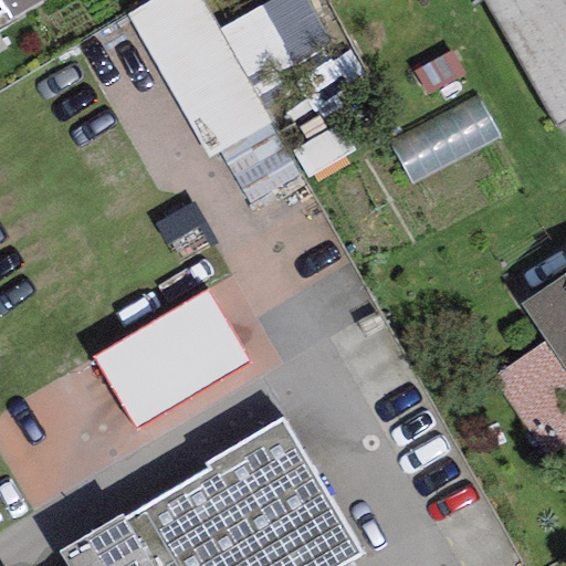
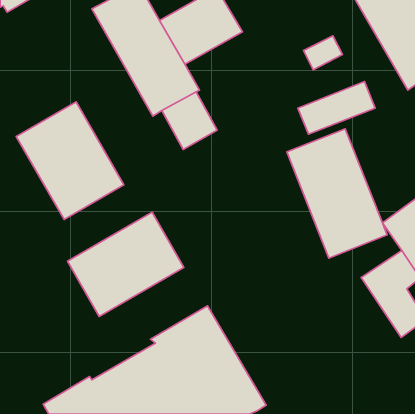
building: none -> [16,102,124,219]
building: none -> [287,129,387,258]

